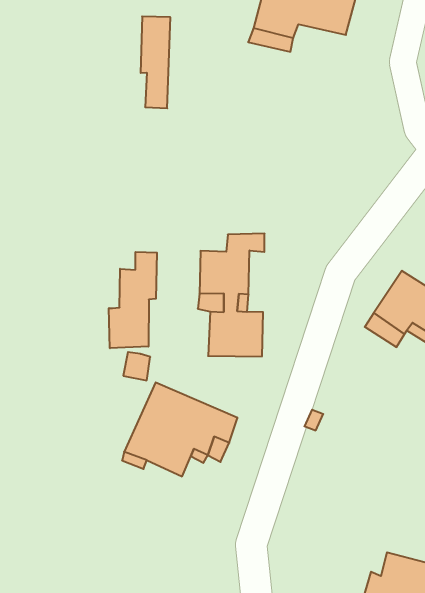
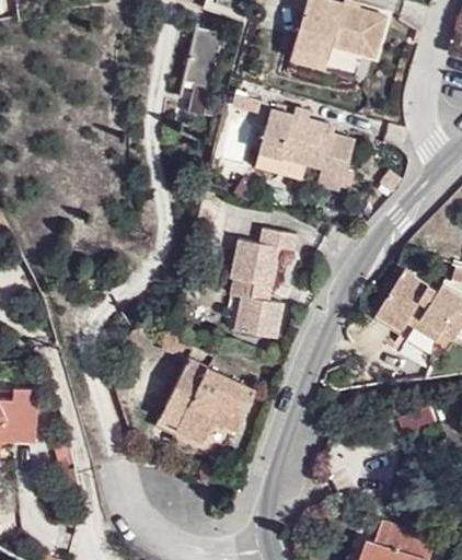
building: none -> [257,110,351,192]
building: [109,252,157,348] -> none

